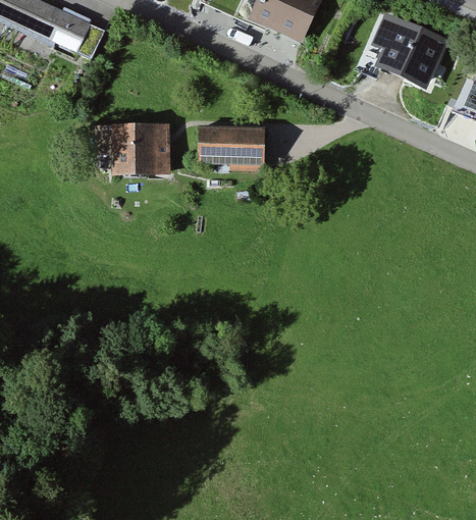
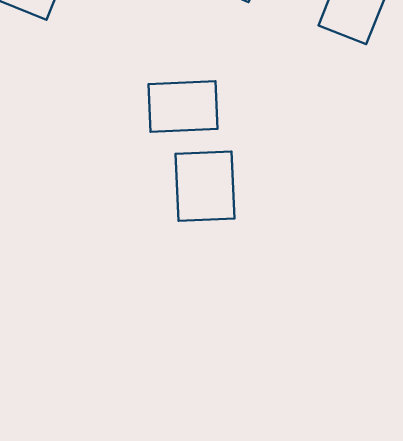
building: [111,118,168,184] -> none
building: none -> [175,151,234,221]

